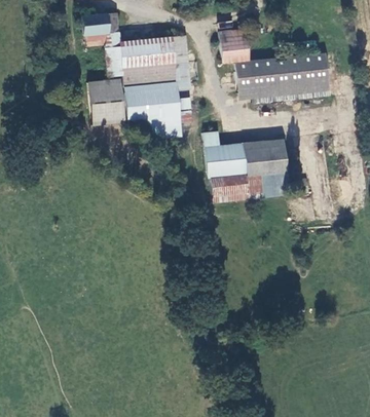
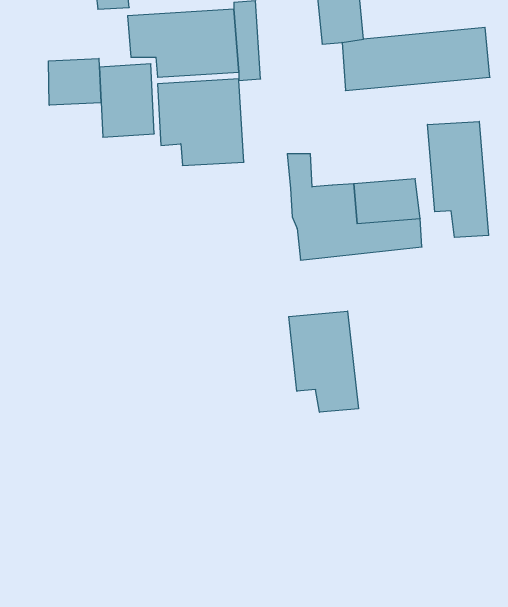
building: none -> [49,58,101,105]
building: none -> [428,121,489,237]
building: none -> [289,311,358,412]

